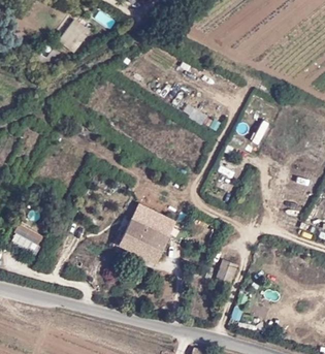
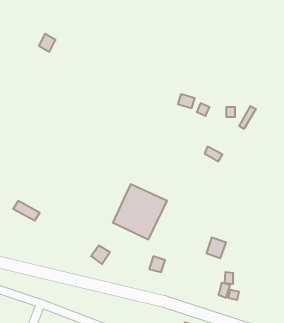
building: [59,21,88,52] -> none

